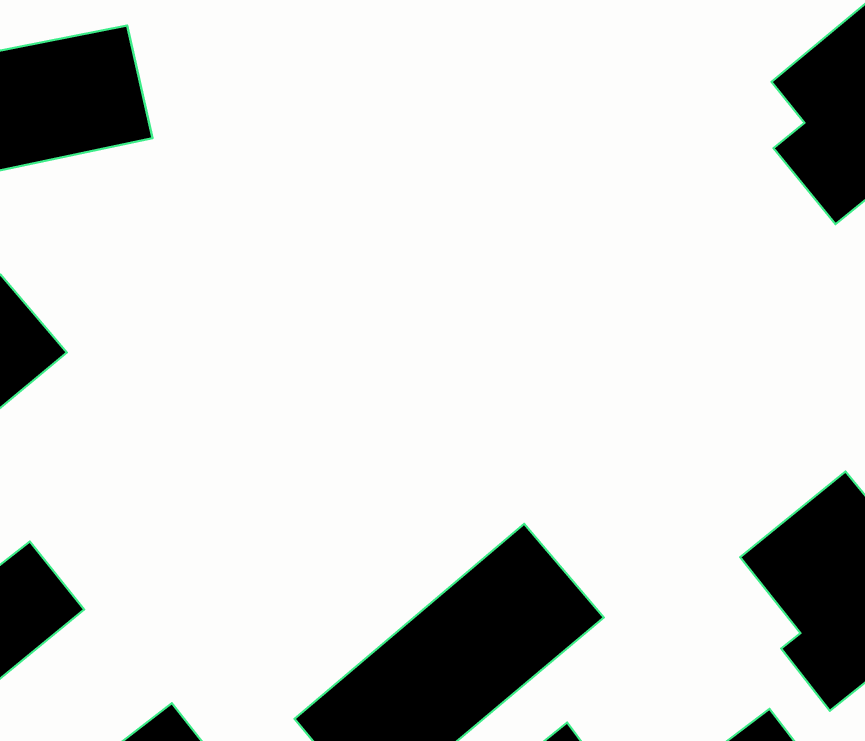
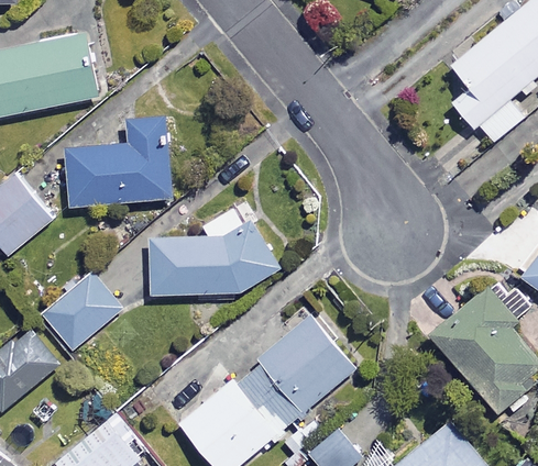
building: none -> [65,119,172,209]
building: none -> [149,210,278,293]
building: none -> [40,273,121,351]

